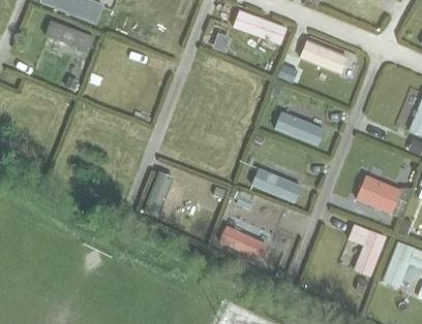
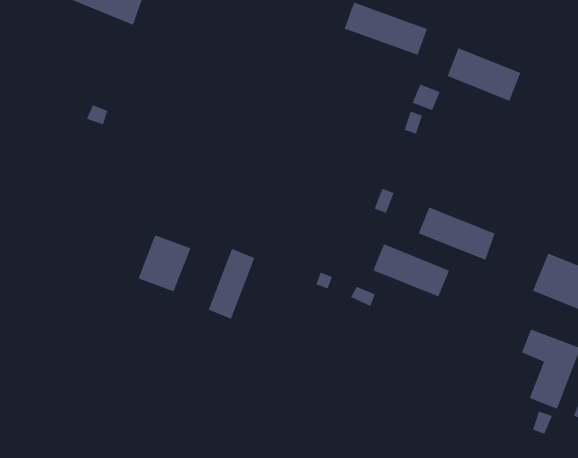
building: [44,20,93,53] -> none
building: [273,111,324,147] -> [418,207,495,260]
building: none -> [138,234,191,292]
building: [218,226,267,260] -> none

